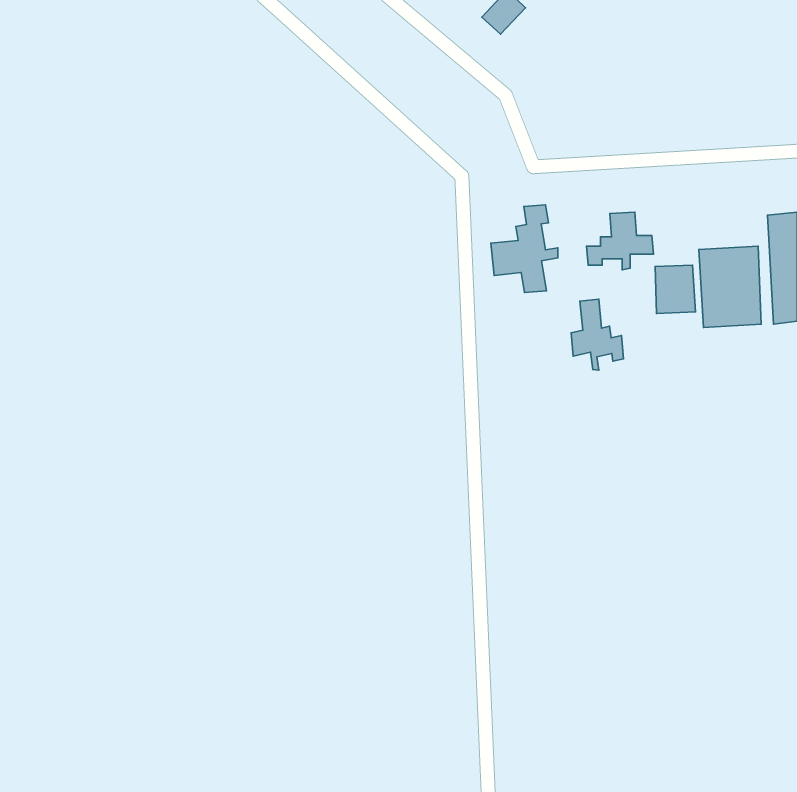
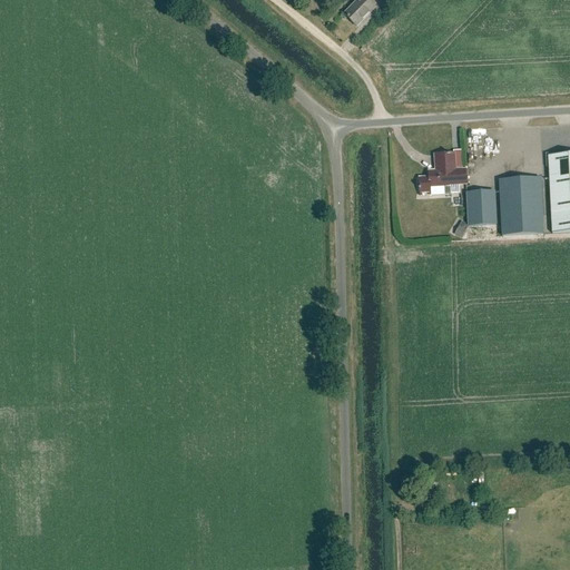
building: [491,205,558,293] -> none
building: [571,299,623,370] -> none

